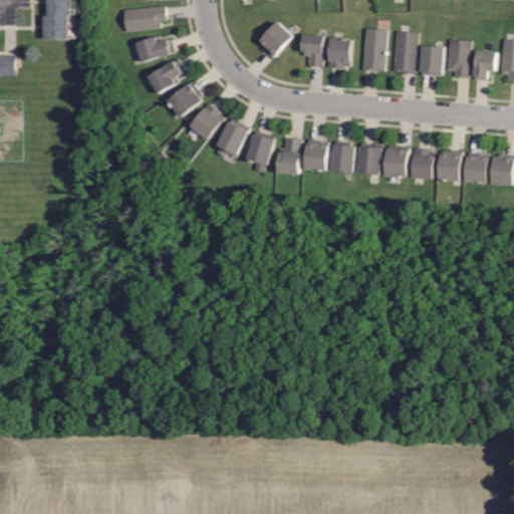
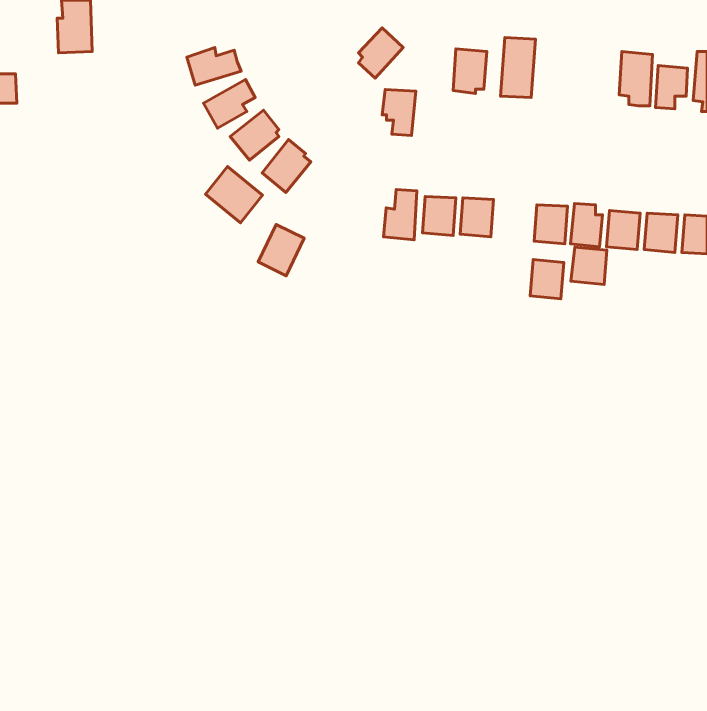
building: [122,5,166,31] -> none
building: [392,30,417,73] -> none
building: [299,33,323,66] -> [382,90,416,136]
building: [418,44,443,76] -> none
building: [216,117,249,155] -> [258,224,304,276]
building: none -> [206,166,262,223]
building: [246,133,274,165] -> none
building: [357,146,381,174] -> [530,260,564,299]
building: none -> [571,247,607,284]

